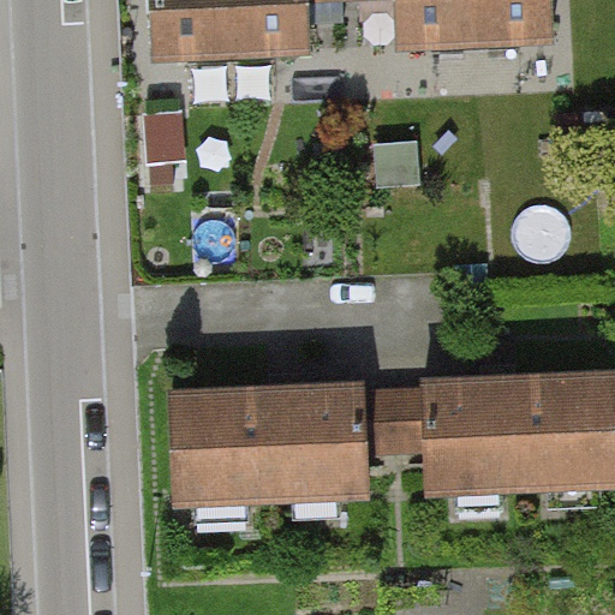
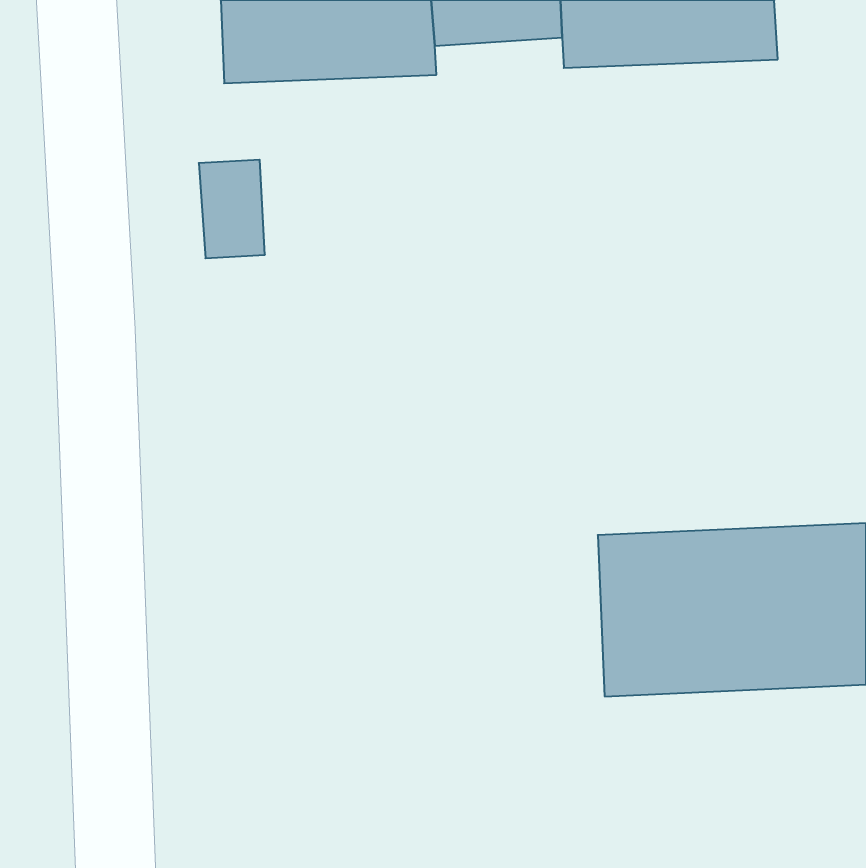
building: [167,381,372,506] -> none

